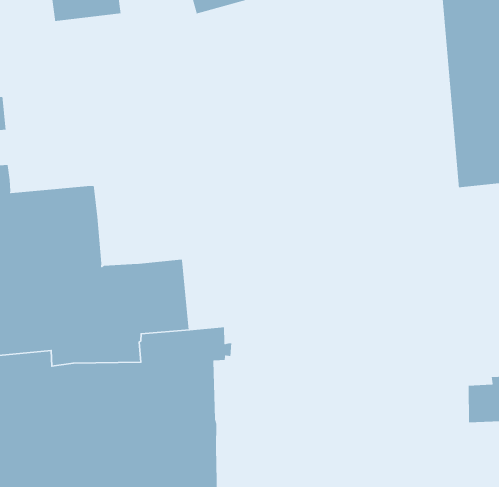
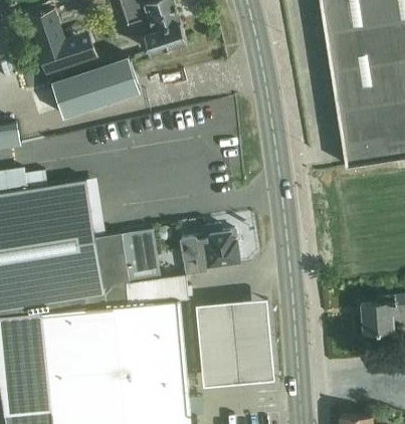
building: none -> [51,57,140,119]
building: none -> [182,227,240,276]
building: none -> [197,294,275,382]

